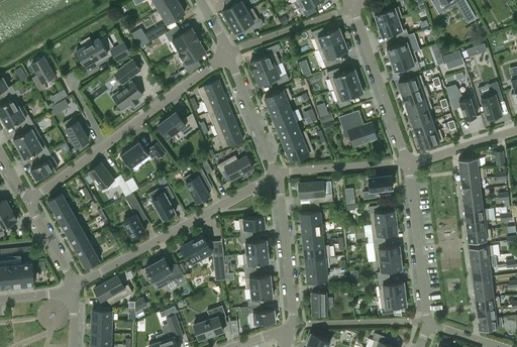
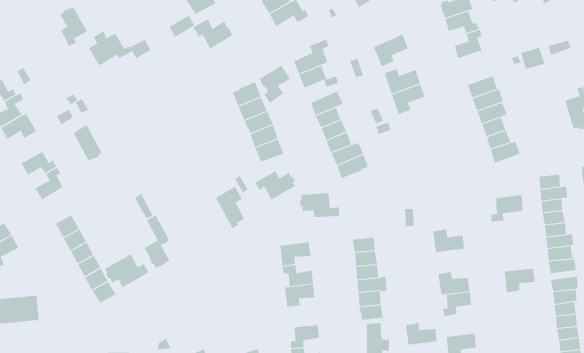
building: [311,28,343,50] -> none
building: [179,40,206,74] -> [259,65,291,104]
building: [390,52,421,74] -> none
building: [31,57,56,92] -> [59,7,88,47]
building: [112,60,142,110] -> none
building: [446,85,477,120] -> none
building: [339,111,377,146] -> none
building: [158,112,198,138] -> none
building: [13,122,40,149] -> none
building: [121,141,165,168] -> none
building: [88,162,113,193] -> none
building: [364,176,392,199] -> [490,195,524,222]
building: [298,182,332,203] -> [299,193,340,217]
building: [148,187,176,220] -> none
building: [371,222,398,243] -> [504,268,536,293]
building: [181,235,226,280] -> none
building: [145,257,183,281] -> none
building: [244,270,272,290] -> none
building: [94,276,132,306] -> [104,254,149,288]
building: [378,277,405,297] -> [405,323,437,345]

